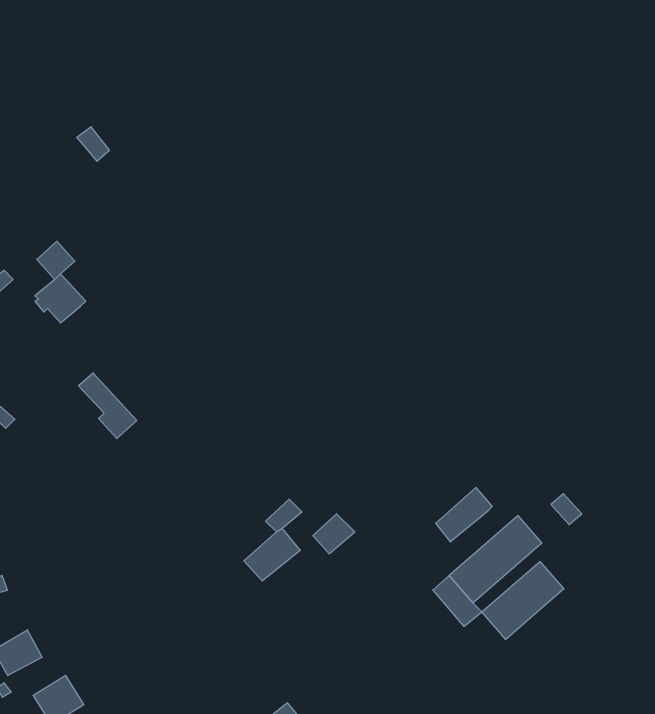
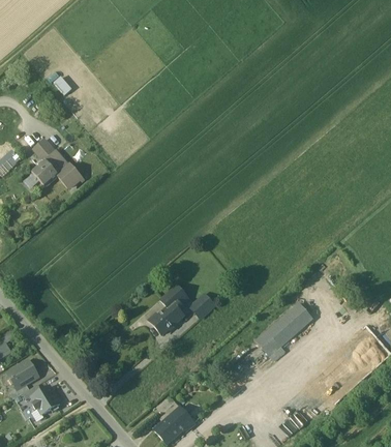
building: [79,373,137,439] -> [46,150,79,187]
building: [436,488,492,542] -> none
building: [482,562,564,639] -> none

